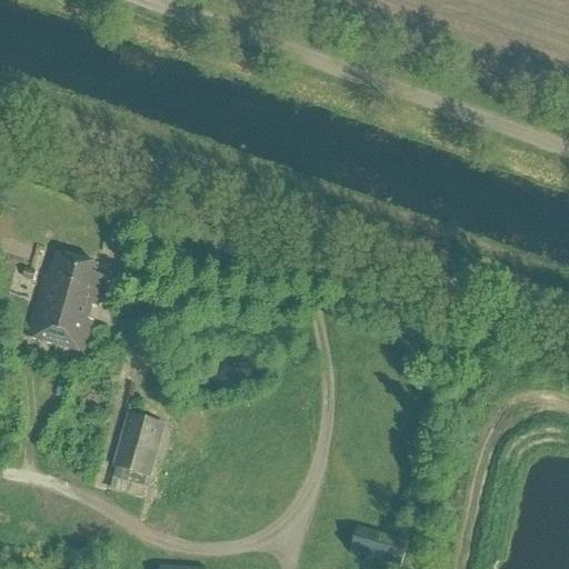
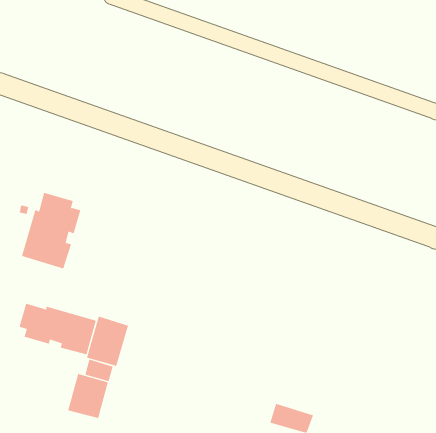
building: none -> [19,303,97,355]
building: none -> [67,373,108,419]

